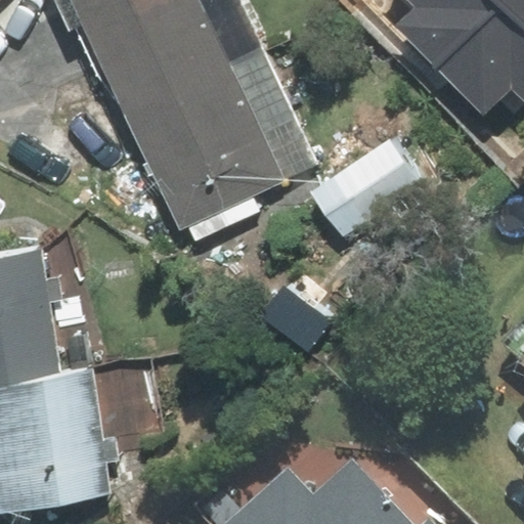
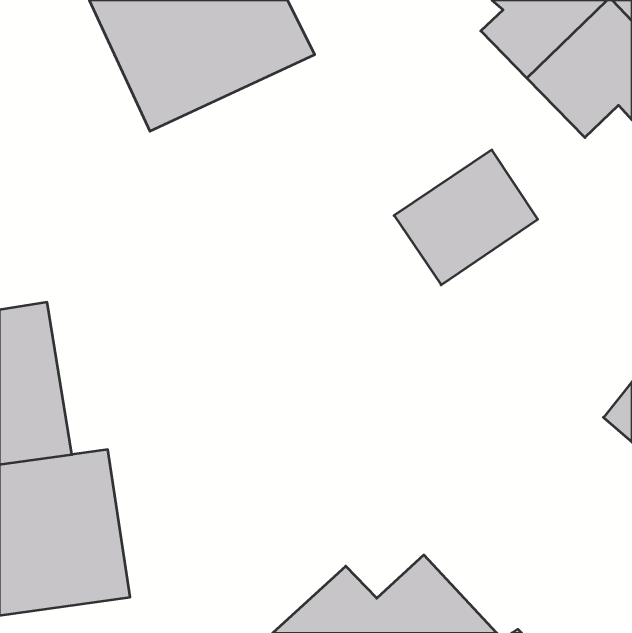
building: [124,45,317,229] -> none

